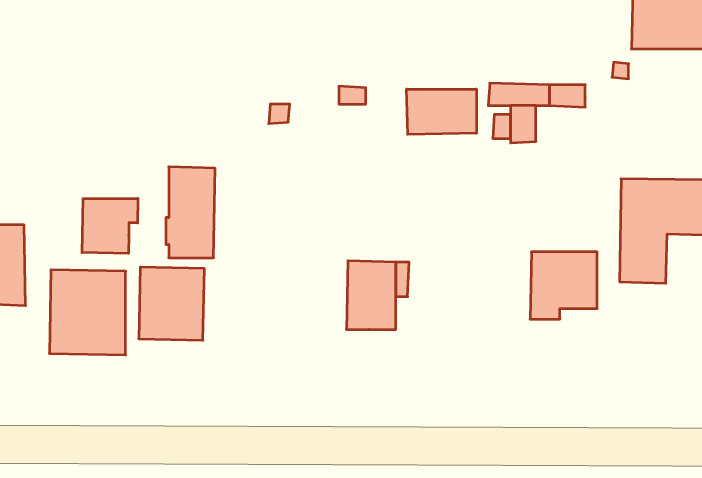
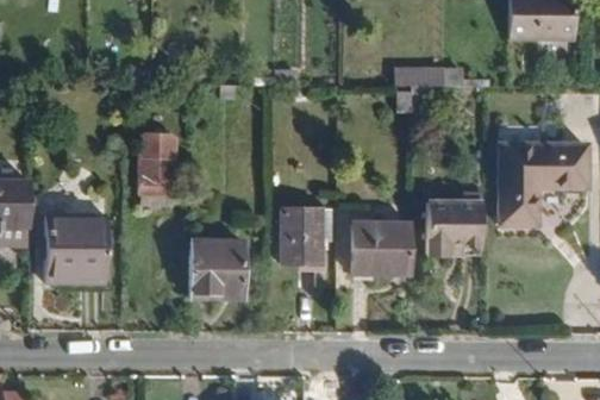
building: [407,89,476,134] -> none
building: [82,198,138,253] -> none
building: [139,267,204,340] -> [190,240,243,299]
building: none -> [354,224,412,274]

